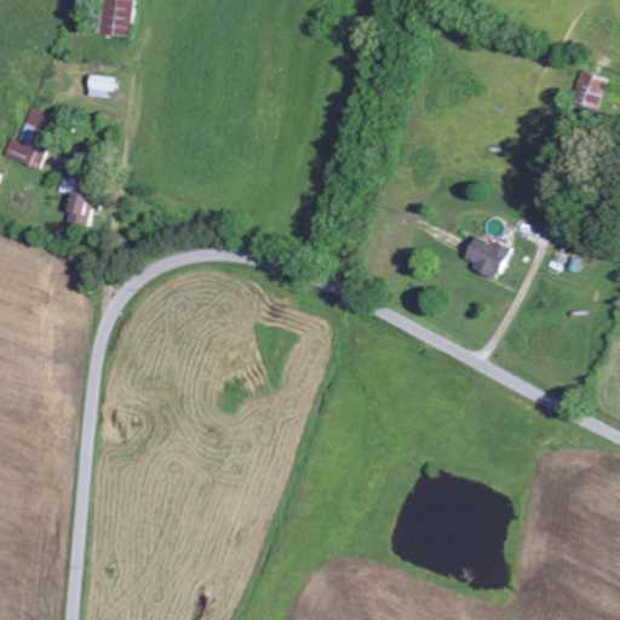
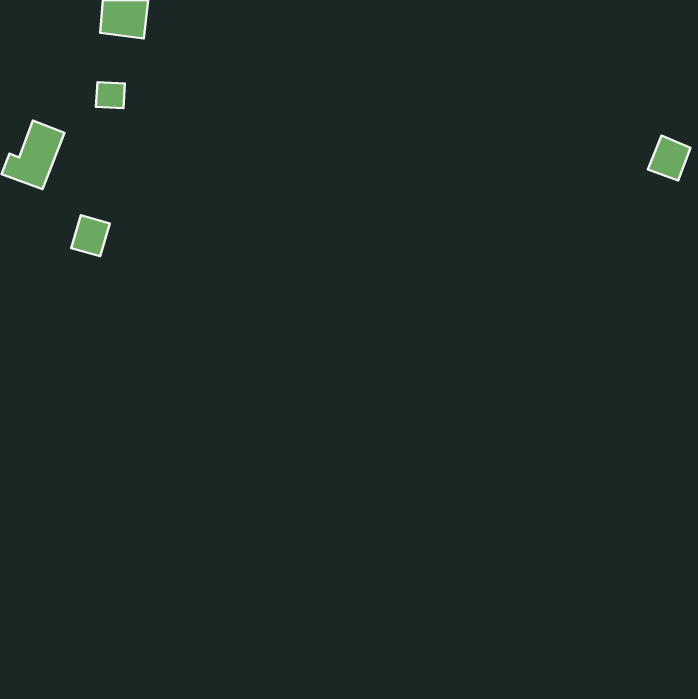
building: [569,69,607,109] -> [648,135,690,181]
building: [461,232,507,277] -> none

